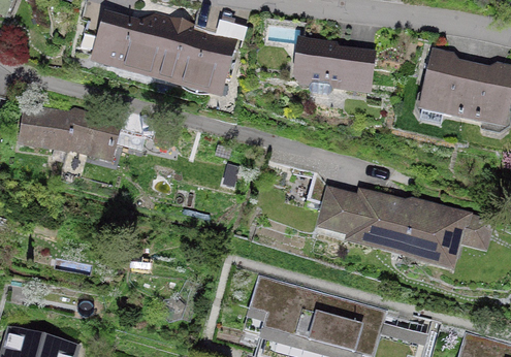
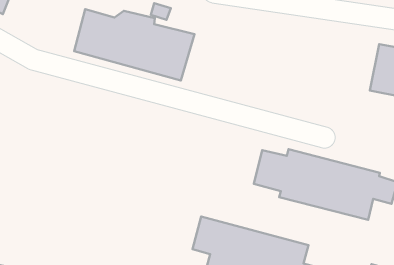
building: [302,41,384,97] -> none
building: [417,46,473,112] -> none
building: [21,102,124,163] -> none

